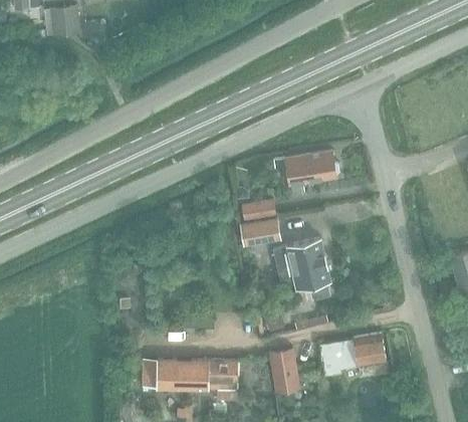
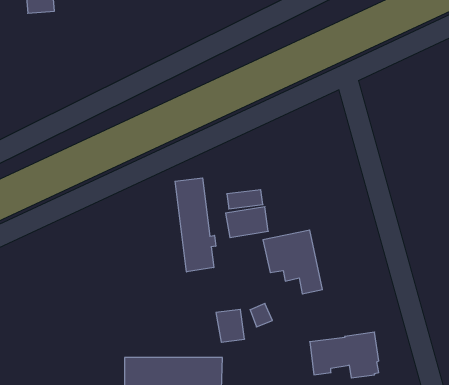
building: [284,151,335,196] -> none
building: none -> [175,178,216,272]
building: [268,348,295,379] -> [216,309,245,342]

